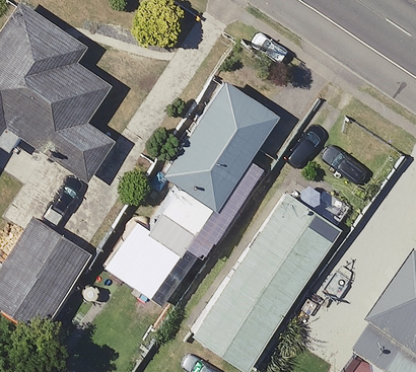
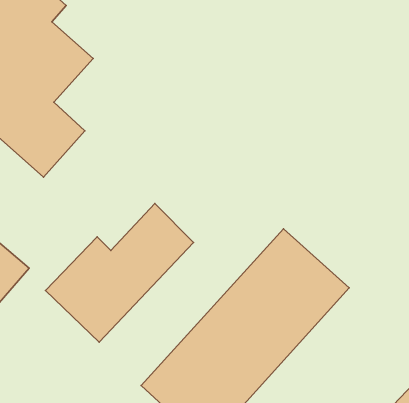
building: [163,83,280,214] -> none

